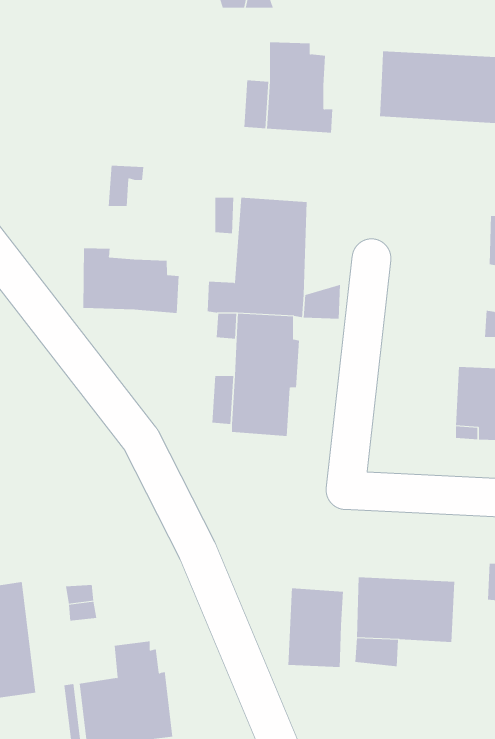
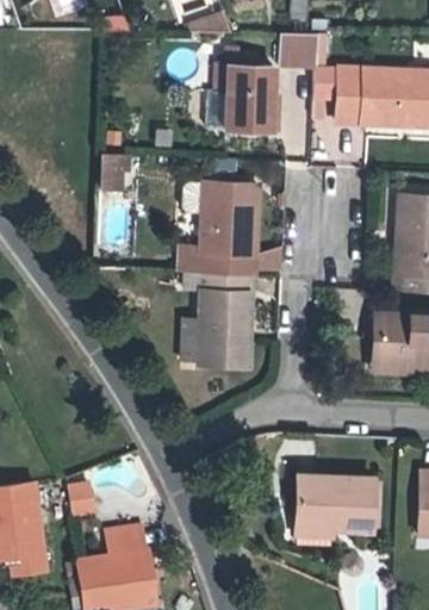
building: none -> [278,32,317,68]
building: [83,247,179,314] -> none
building: [288,587,344,668] -> none

